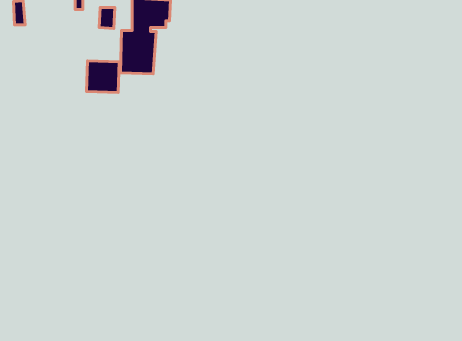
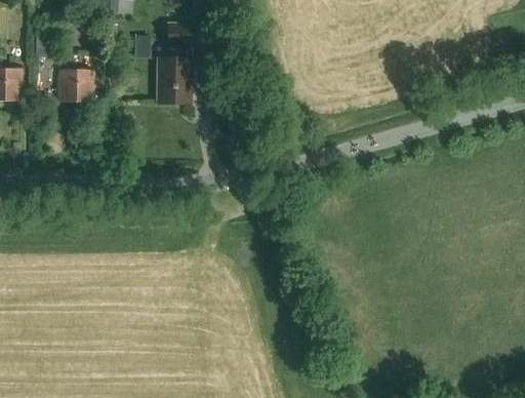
building: [86,61,119,93] -> [57,68,92,102]

